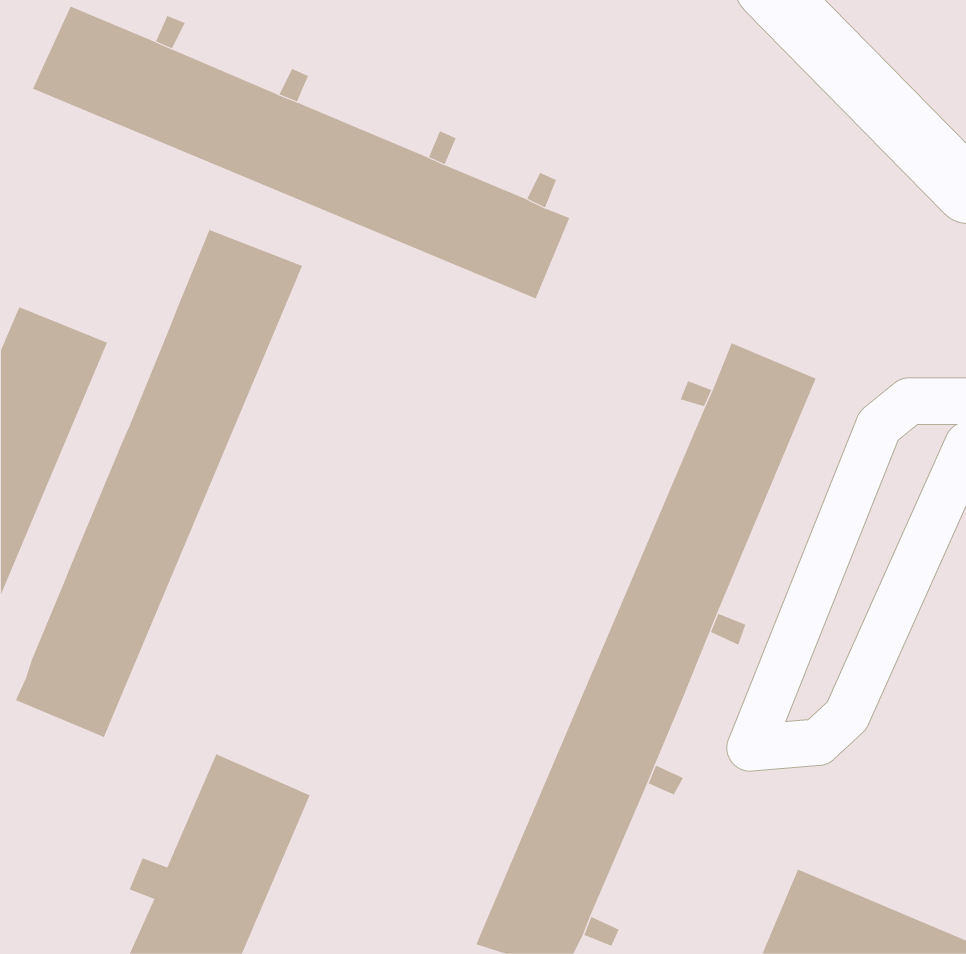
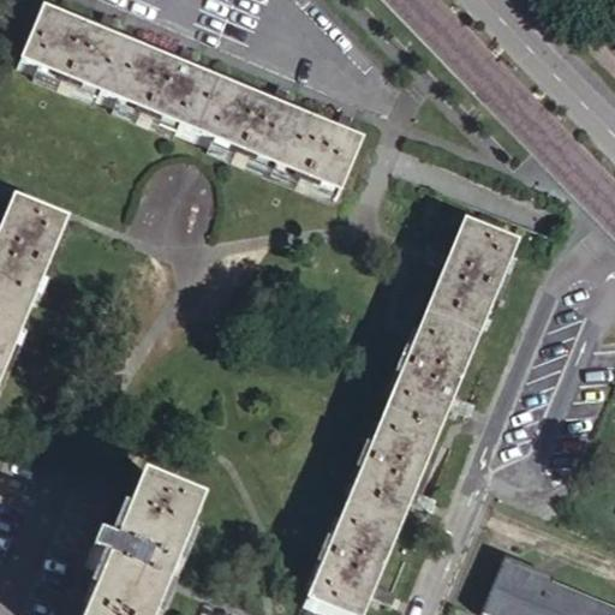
building: [15,229,303,738] -> none

